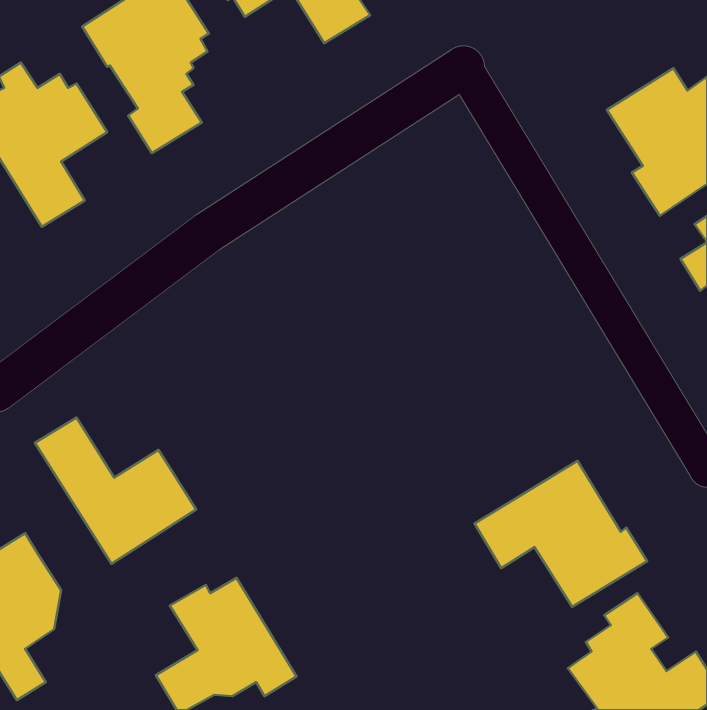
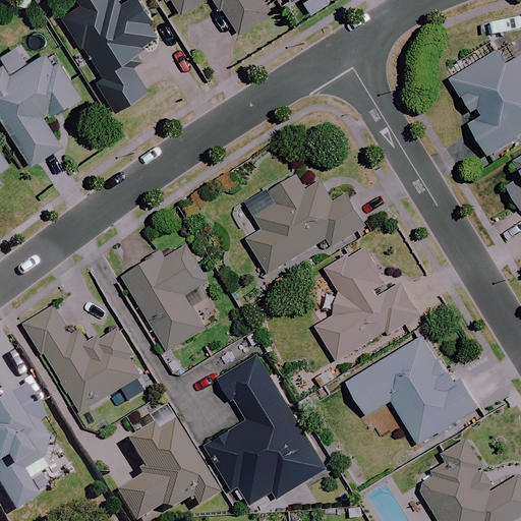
building: none -> [247,176,367,275]
building: none -> [124,244,212,350]
building: none -> [316,246,419,360]
building: none -> [205,356,327,509]

